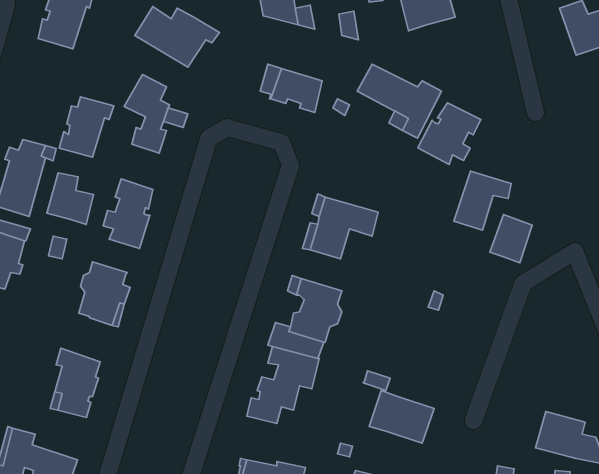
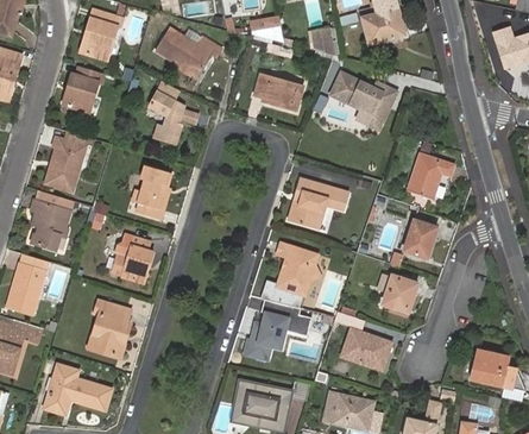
building: [59,97,114,157] -> [62,68,105,115]
building: [418,103,481,164] -> none
building: [47,173,94,225] -> none
building: [490,215,532,263] -> [401,221,434,259]
building: none -> [382,277,416,314]

